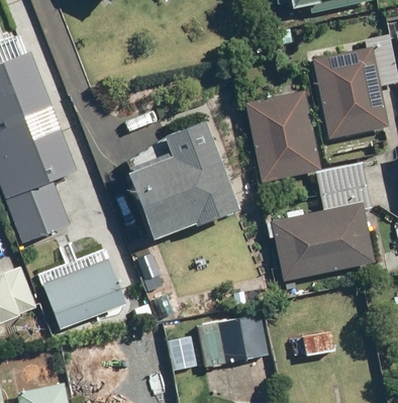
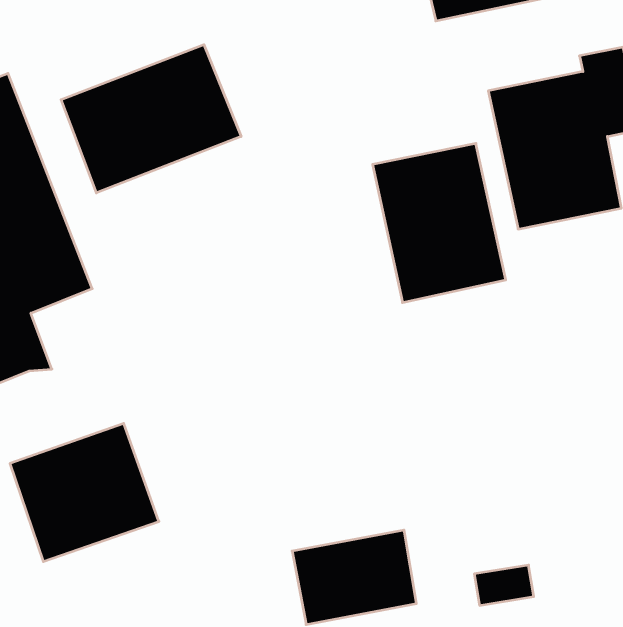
building: none -> [61,45,241,193]
building: [125,139,239,237] -> none
building: [272,162,375,281] -> none

